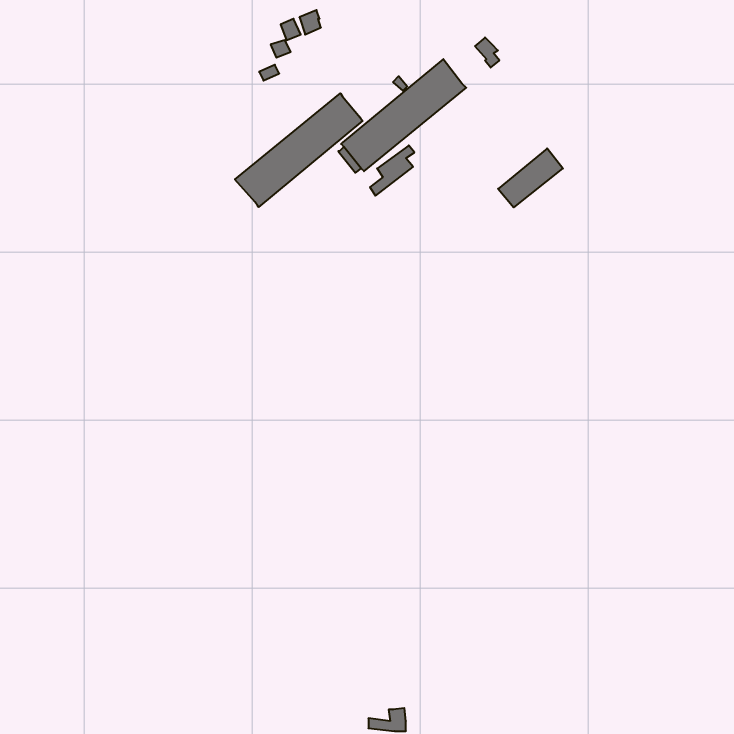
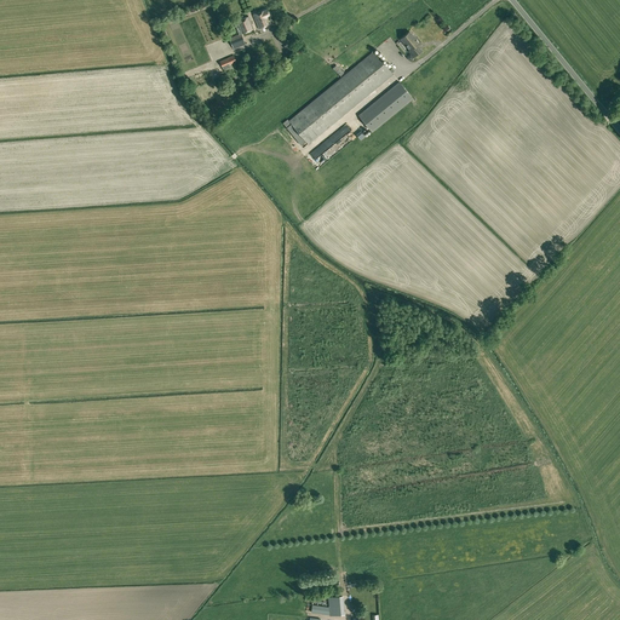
building: [235,93,363,207] -> none
building: [498,148,563,207] -> [357,82,412,132]

